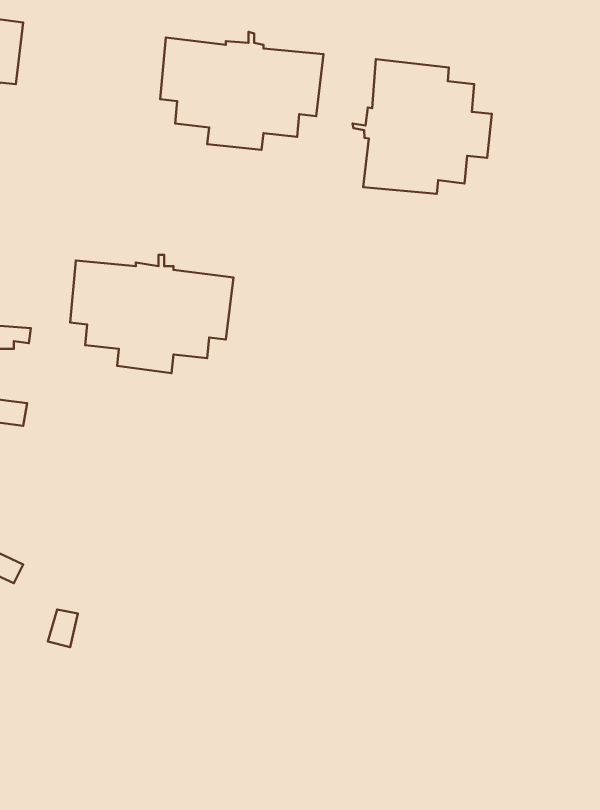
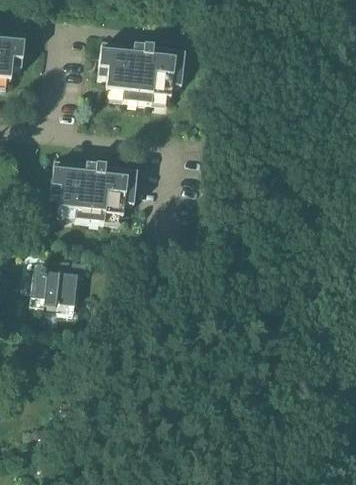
building: [352,59,492,194] -> none
building: none -> [30,260,85,313]

